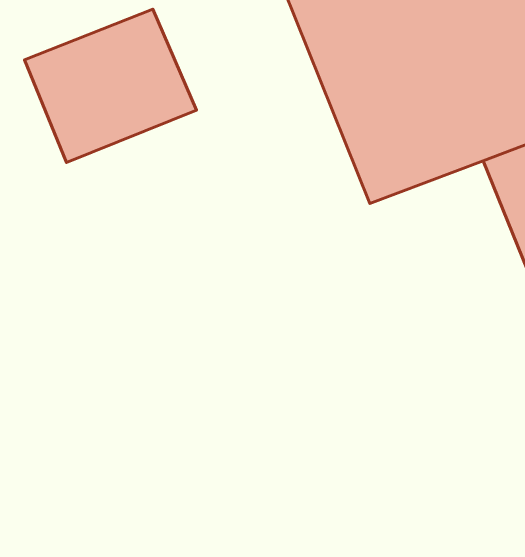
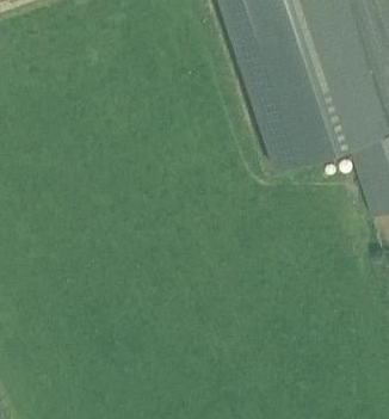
building: [25,9,196,162] -> none

